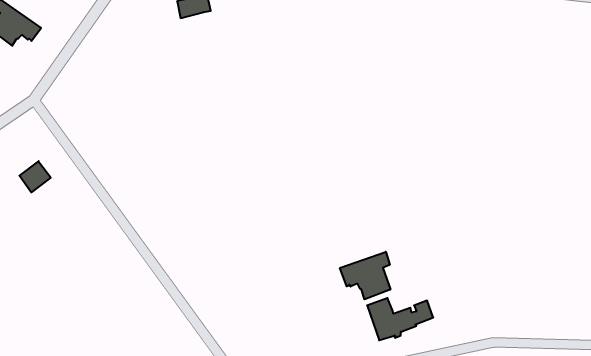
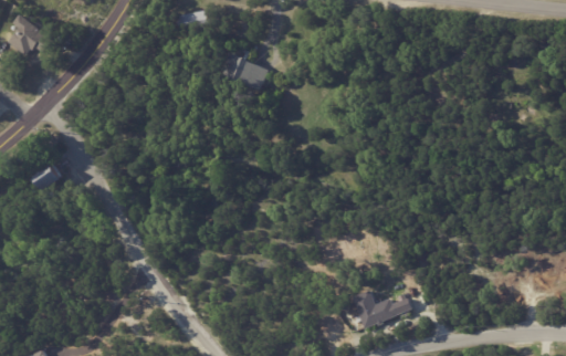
building: none -> [221,53,270,92]
building: [340,252,390,299] -> none

